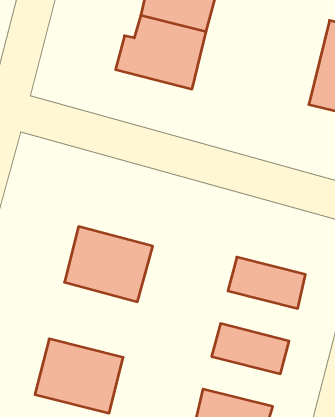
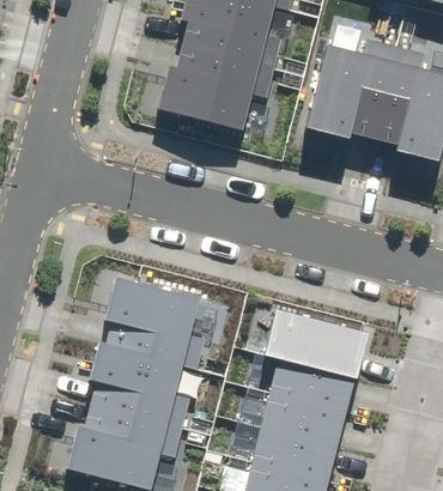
building: none -> [305,44,393,144]
building: none -> [85,339,182,422]
building: none -> [273,348,358,404]
building: none -> [254,420,339,475]

